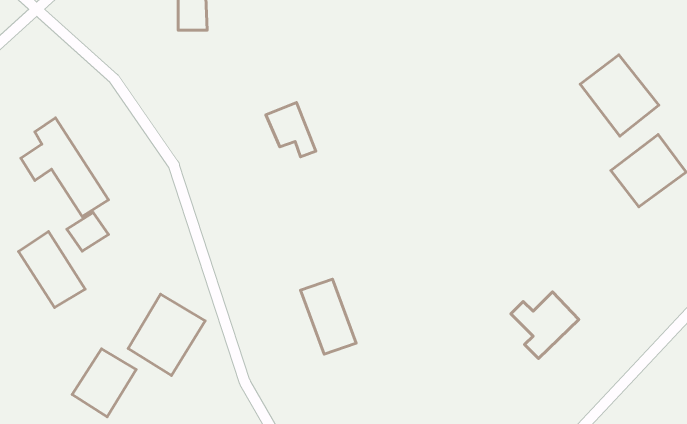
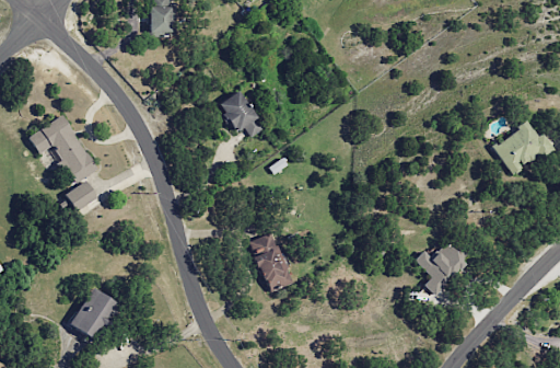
building: [580,55,659,136] -> none
building: [18,231,85,308] -> none
building: [128,294,205,375] -> none

